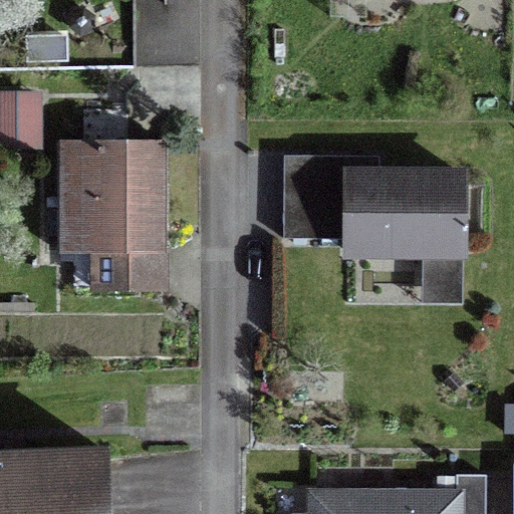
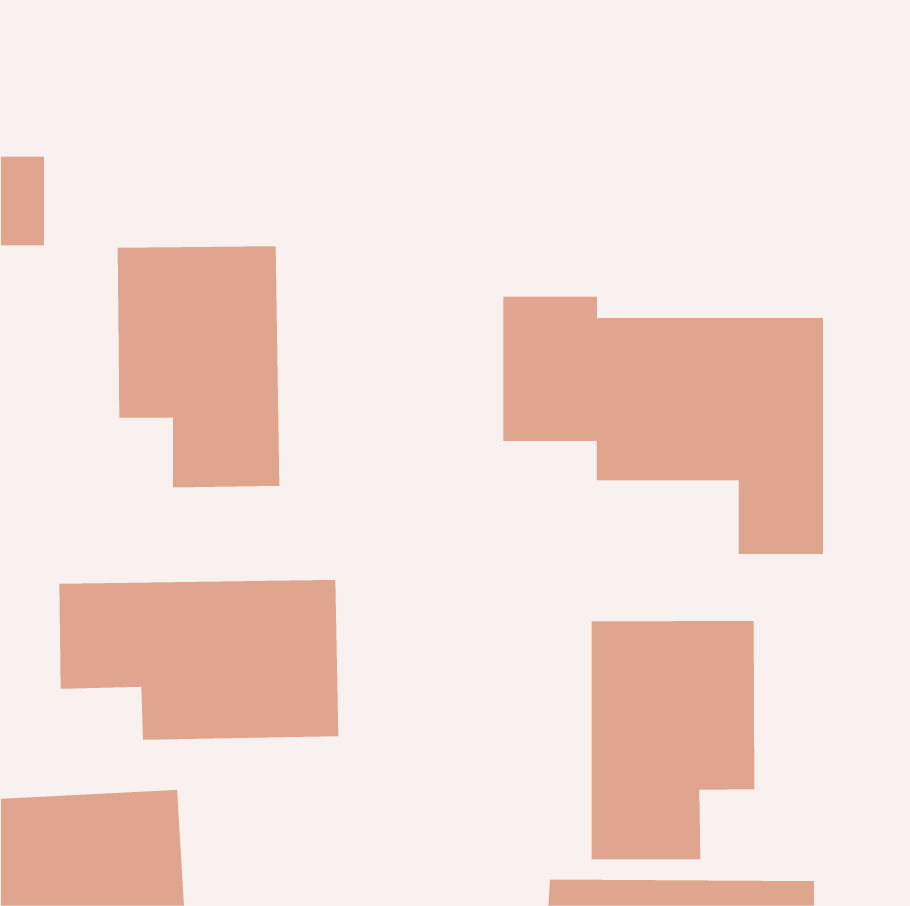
building: none -> [59,579,339,740]
building: none -> [591,620,755,860]

